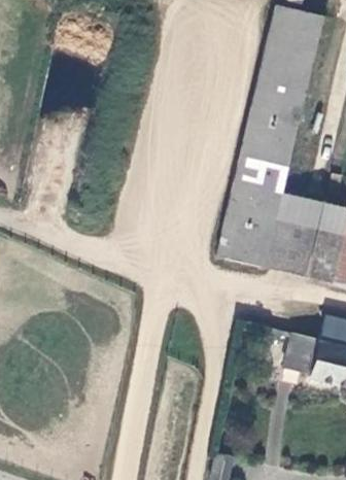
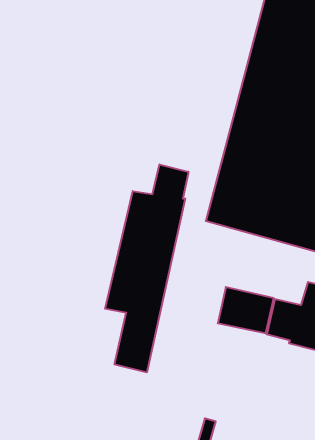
building: none -> [105,164,188,372]

